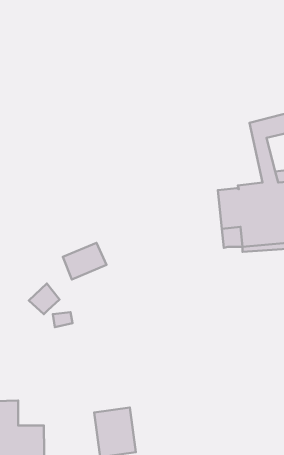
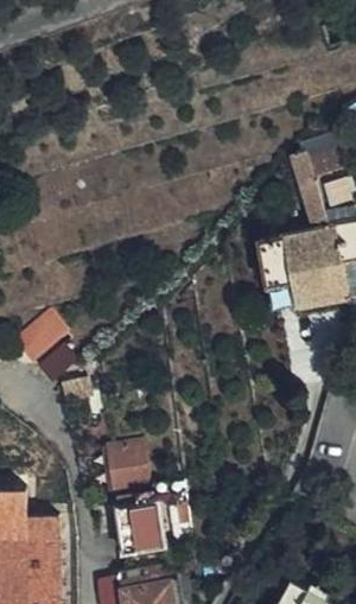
building: [63,243,106,280] -> [20,314,72,358]
building: none -> [108,443,147,492]

